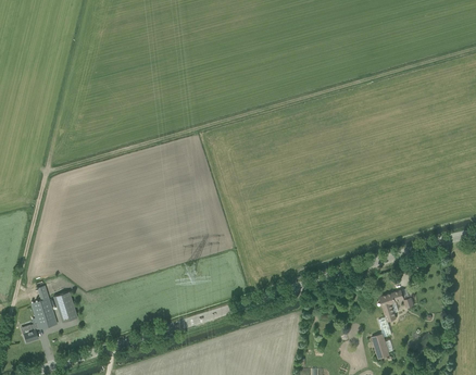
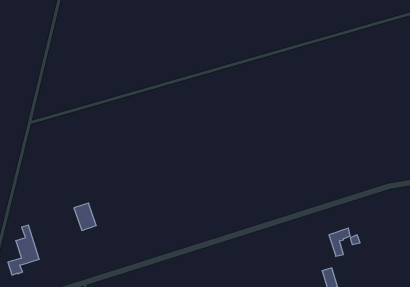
building: [53,291,78,322] -> [74,203,96,230]

